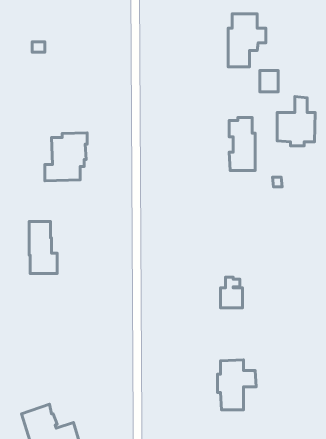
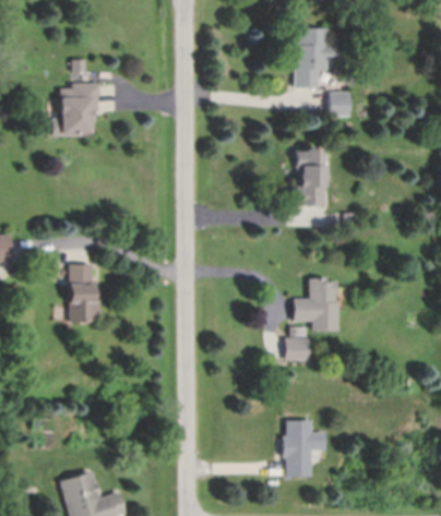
building: [277,97,315,146] -> none
building: [45,133,87,181] -> [52,82,100,136]
building: none -> [295,277,341,331]

